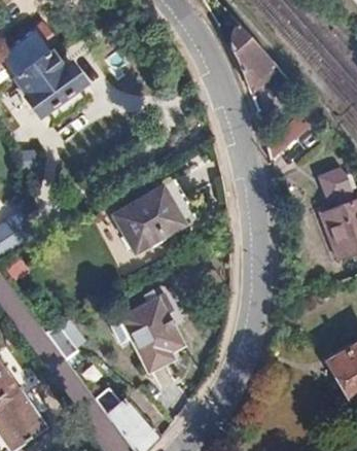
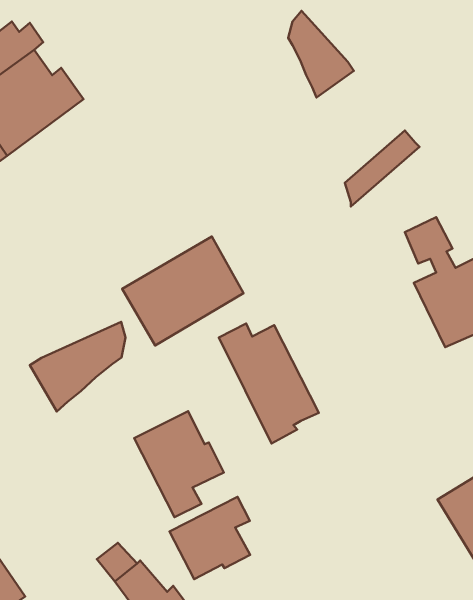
building: none -> [30,322,126,411]
building: none -> [219,323,319,443]
building: none -> [170,497,250,579]

